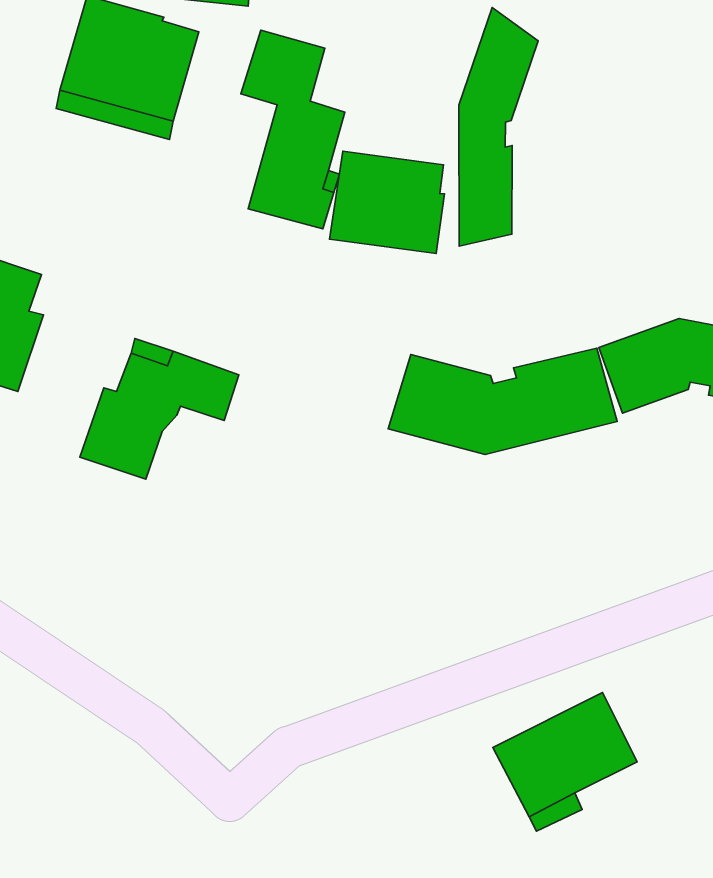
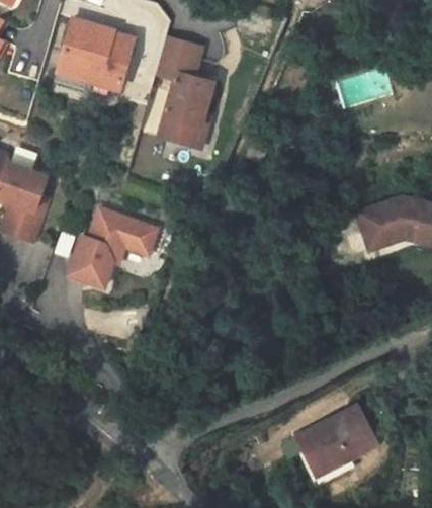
building: [459,8,538,246] -> none
building: [329,151,444,254] -> none
building: [388,348,617,455] -> none

